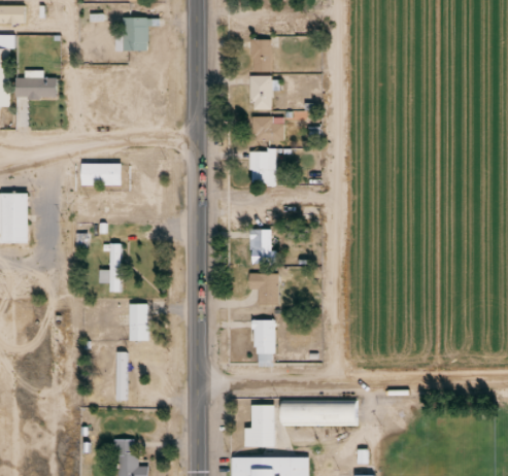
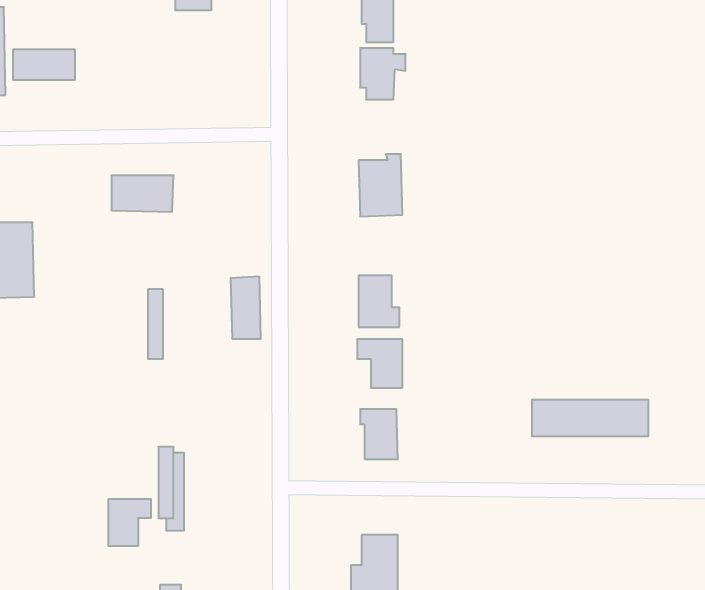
building: [252,115,284,141] -> none
building: [128,301,148,343] -> [231,277,261,339]
building: none -> [108,499,151,546]
building: [278,401,358,426] -> [532,400,648,436]

